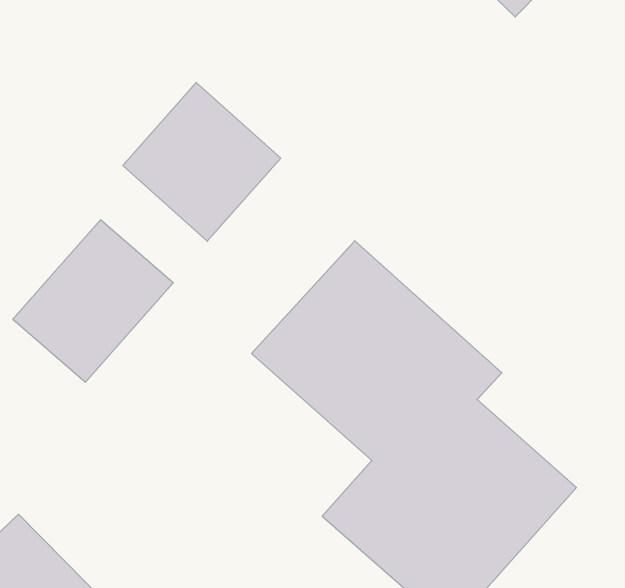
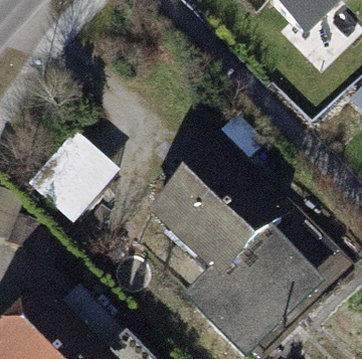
building: [123,82,281,241] -> none

